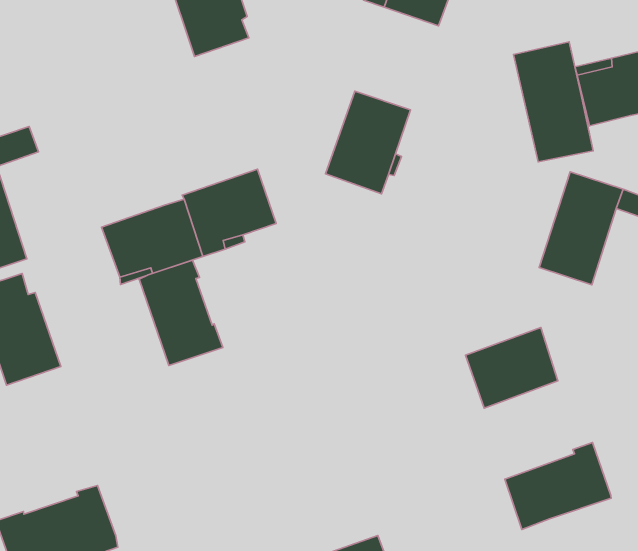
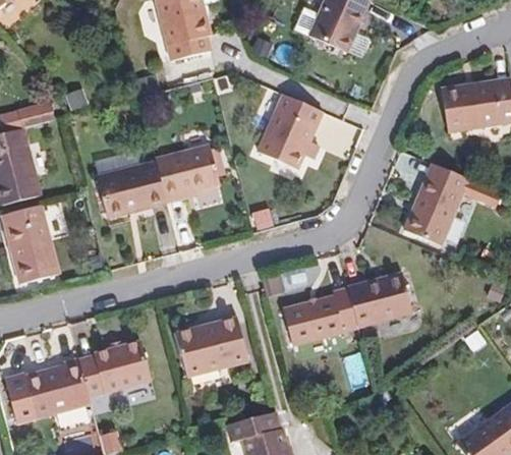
building: [514,42,593,162] -> none
building: [139,260,223,365] -> none
building: none -> [175,316,247,376]
building: [505,442,611,530] -> [283,287,357,345]
building: none -> [78,340,151,396]

